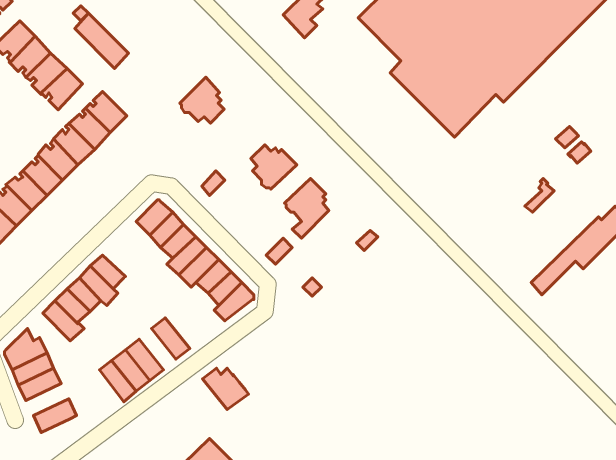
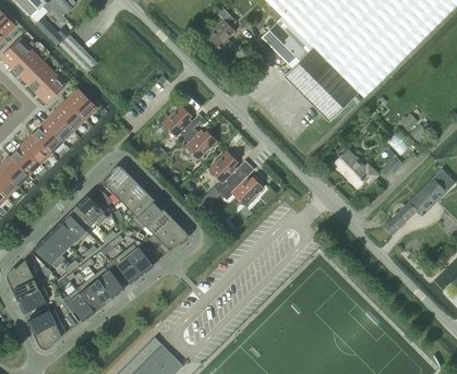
building: [180,77,224,123] -> [163,105,194,137]
building: none -> [333,149,377,188]
building: none -> [220,174,263,206]
building: none -> [79,196,108,226]
building: [203,368,248,410] -> [123,243,156,273]
building: none -> [62,288,94,318]
building: none -> [35,321,65,347]

